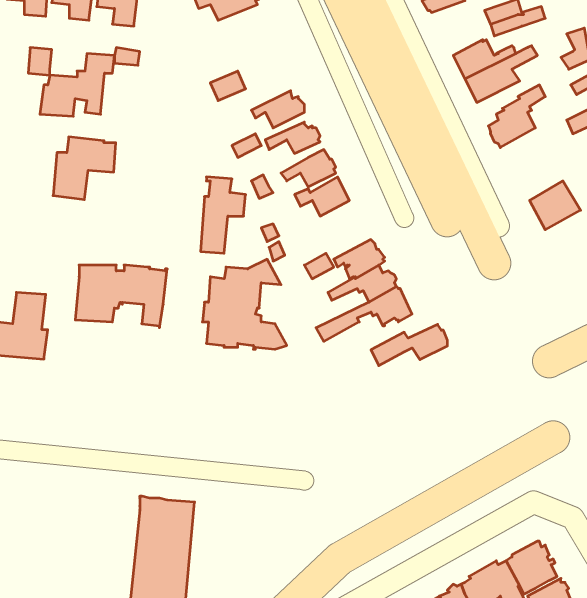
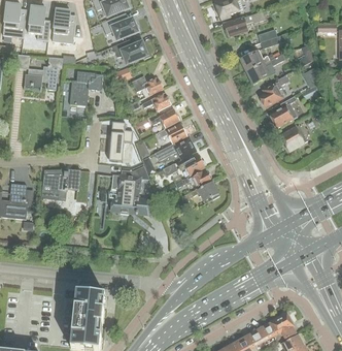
building: none -> [111,39,149,63]
building: none -> [268,95,296,127]
building: [53,137,116,200] -> [69,71,102,104]
building: [371,324,447,366] -> [153,138,194,160]

